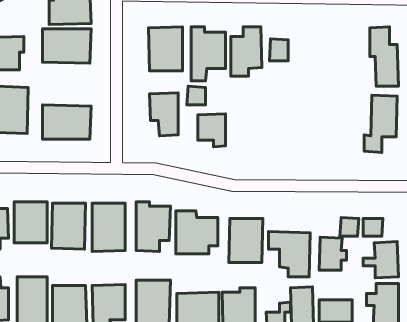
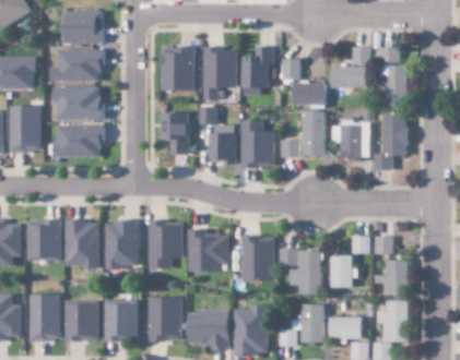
building: none -> [332,46,368,87]
building: none -> [294,82,326,104]
building: none -> [56,85,104,120]
building: none -> [281,111,326,157]
building: none -> [240,119,274,167]
building: none -> [331,123,370,157]

